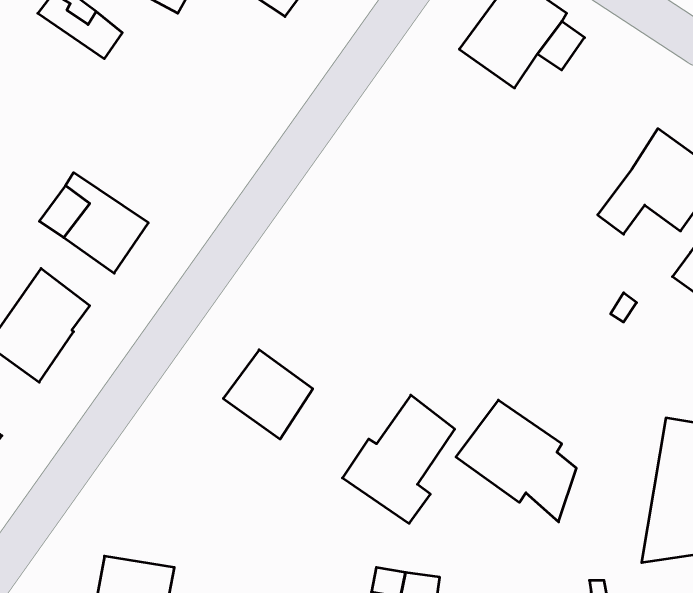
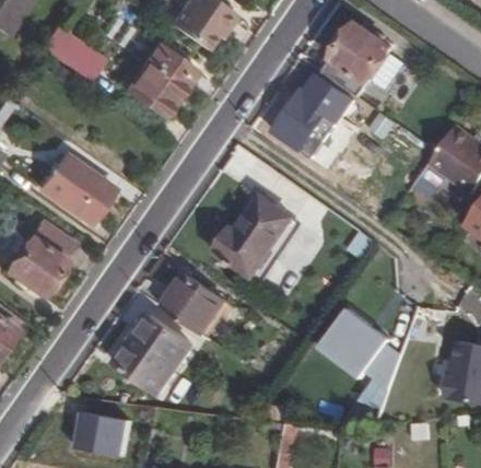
building: none -> [124,43,192,116]
building: none -> [274,75,352,156]
building: [342,395,455,523] -> [215,197,291,283]
building: none -> [114,314,191,394]

